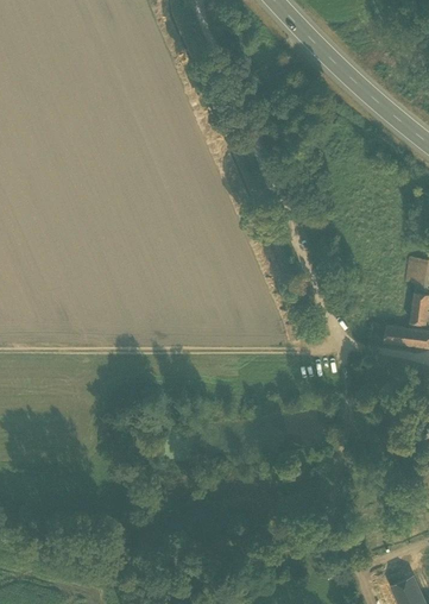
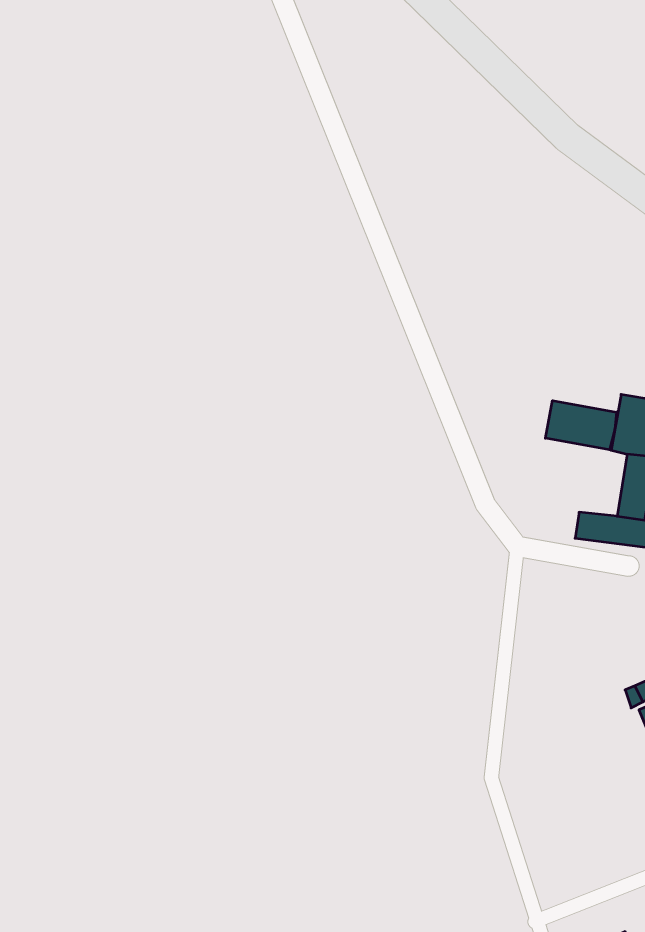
building: none -> [545,401,617,450]

